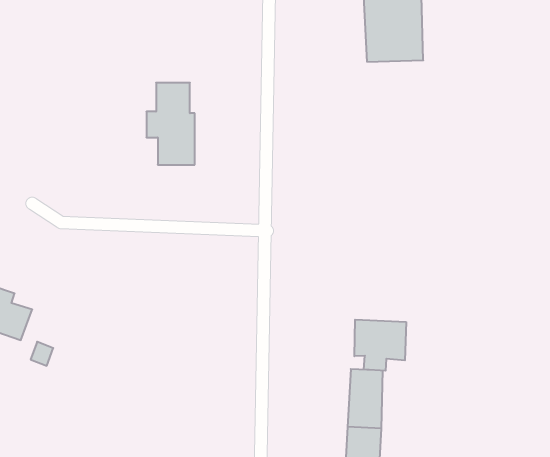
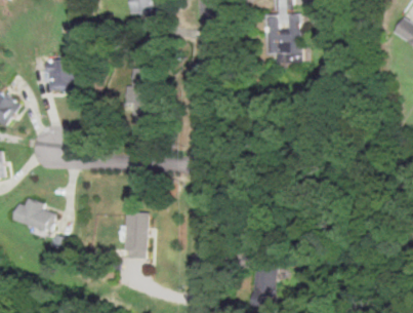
building: none -> [43,58,75,90]
building: none -> [124,213,148,259]
building: [354,320,406,371] -> none

